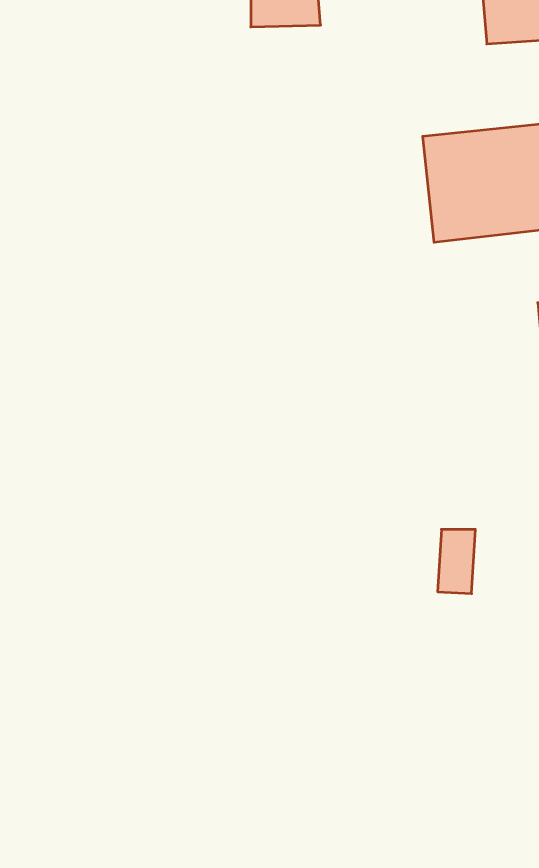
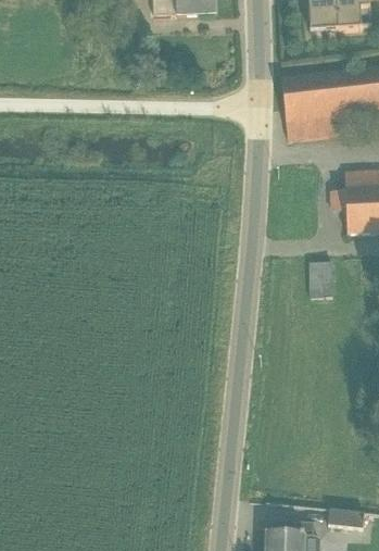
building: [438,529,475,594] -> [305,260,327,297]

